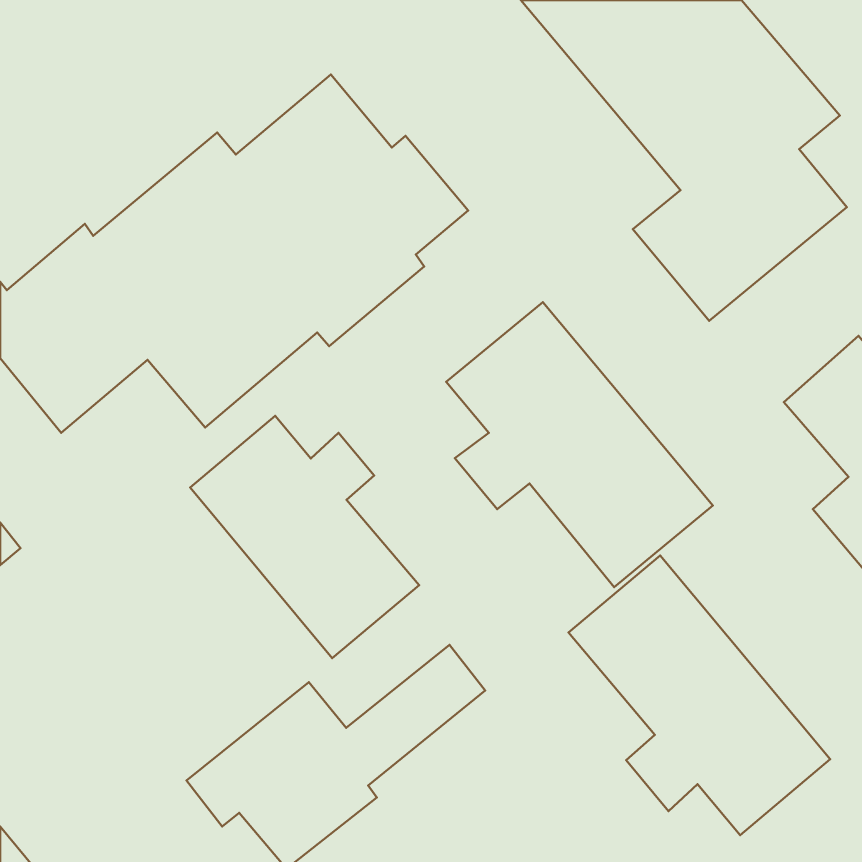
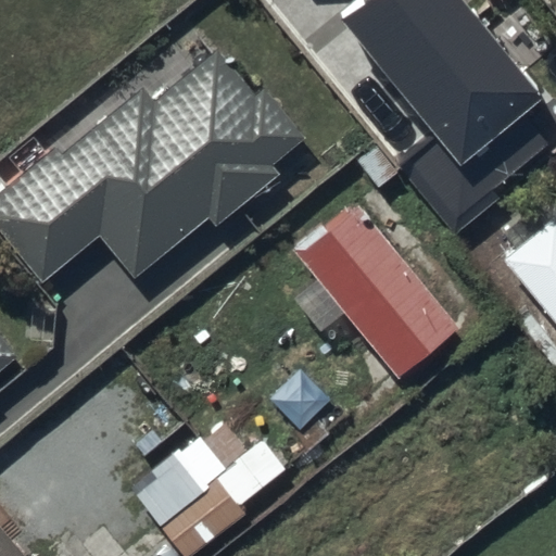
building: [190,416,419,658] -> none
building: [568,555,830,835] -> none

